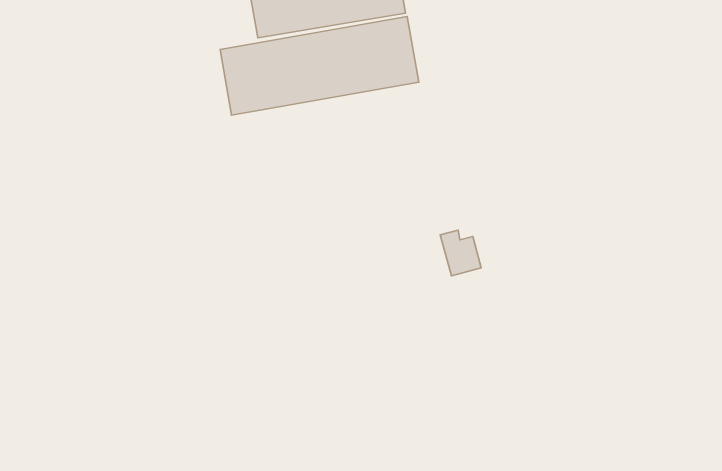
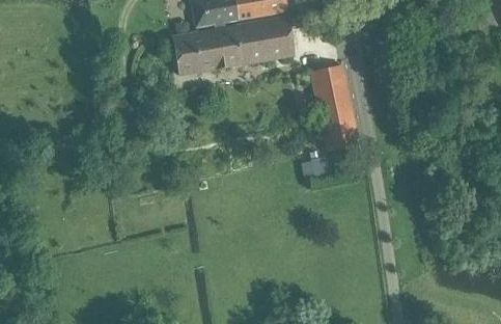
building: none -> [310,63,361,150]

